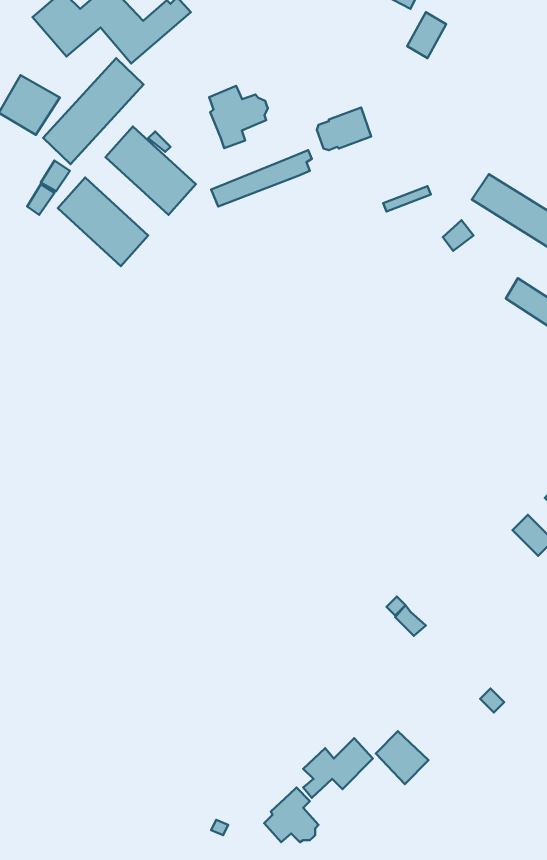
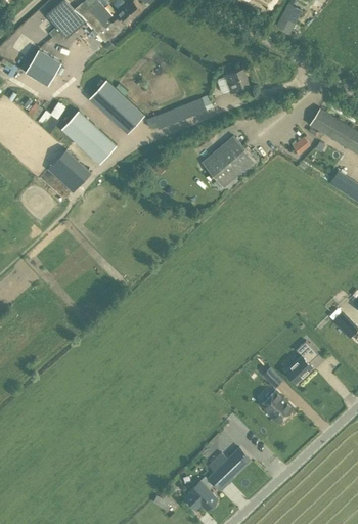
building: [43,58,144,164] -> none
building: [209,86,268,148] -> none
building: none -> [202,136,255,188]
building: none -> [47,149,91,192]
building: none -> [285,341,318,383]
building: [376,731,429,784] -> [262,391,294,423]

